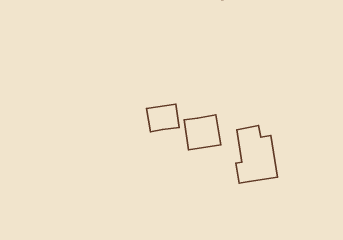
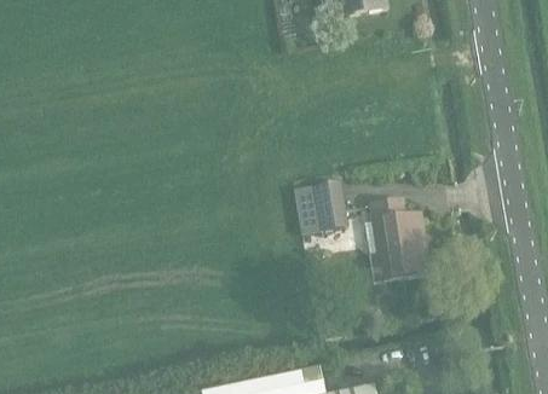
building: [147,104,179,132] -> none

